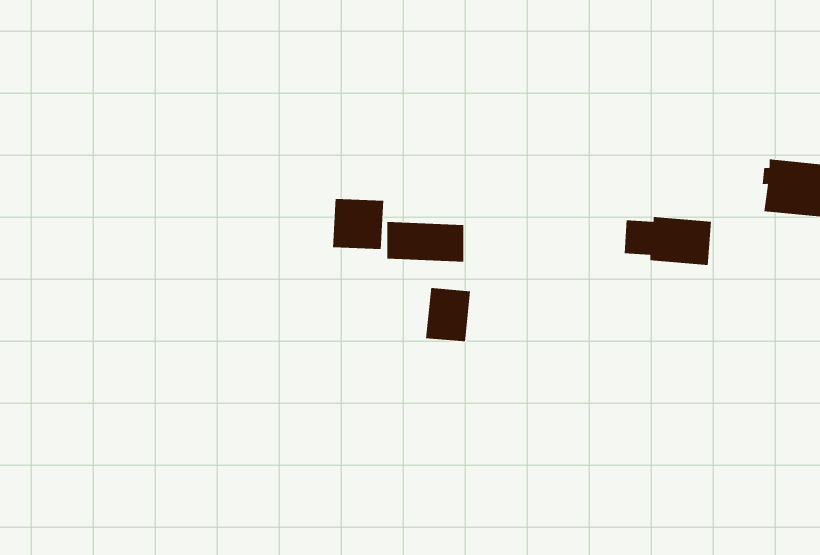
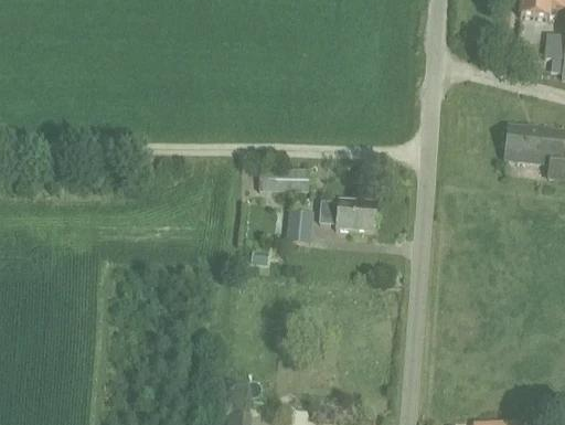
building: [333,198,384,250] -> none
building: [624,216,712,265] -> [319,198,376,230]

